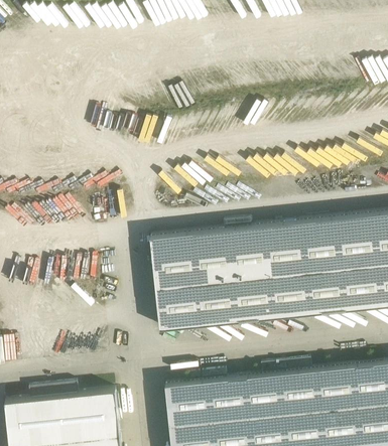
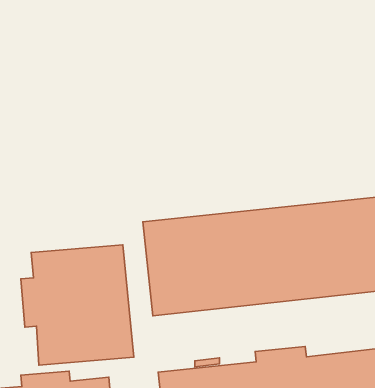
building: none -> [21,245,134,365]

